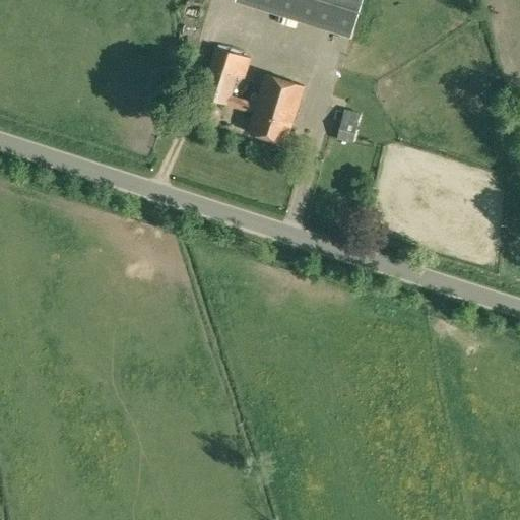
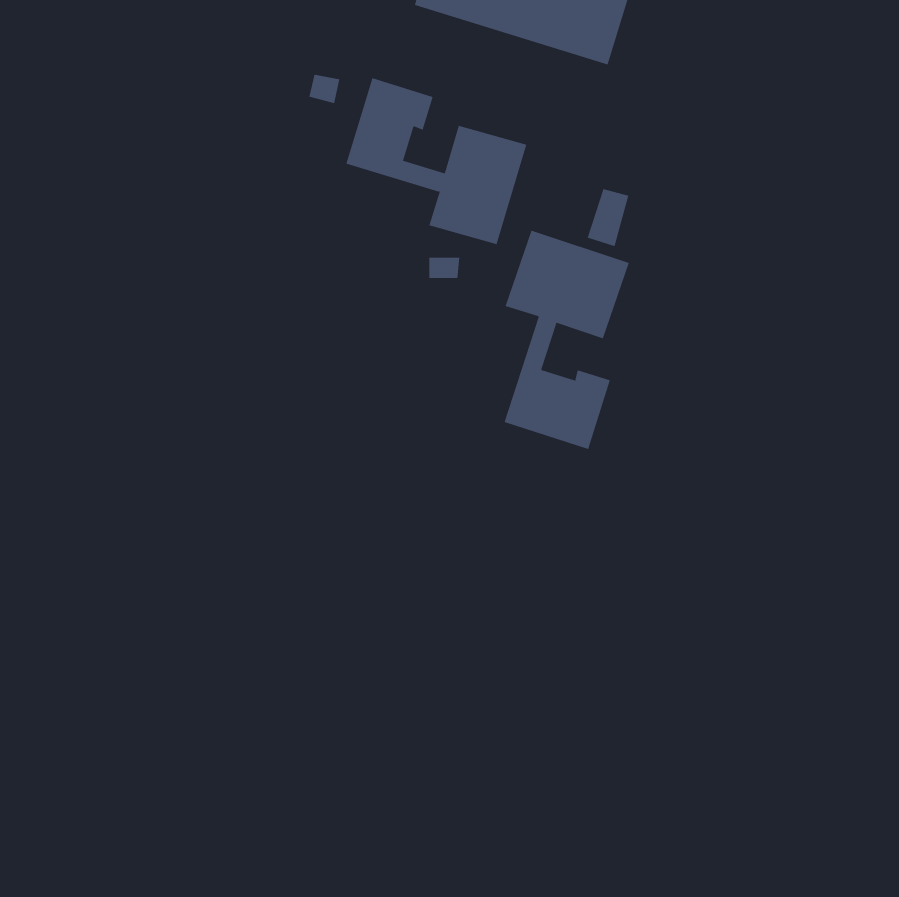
building: none -> [504,230,629,450]

